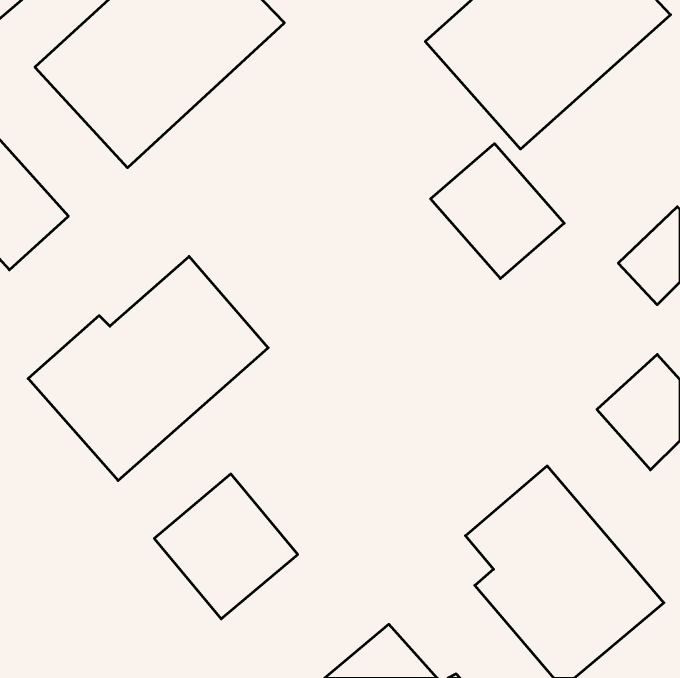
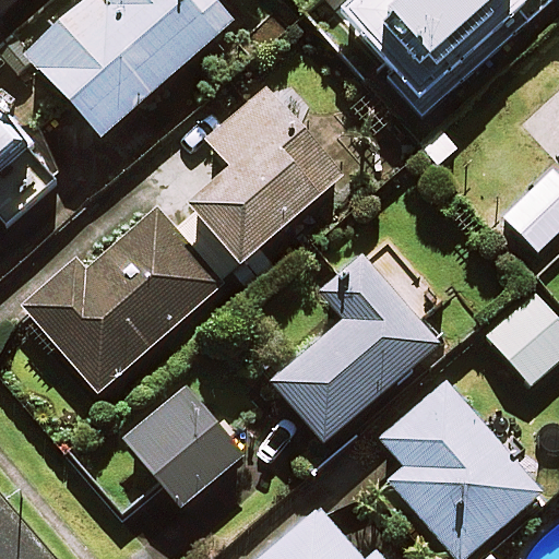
building: none -> [190,86,343,262]
building: [431,144,564,279] -> none
building: none -> [270,255,438,441]

